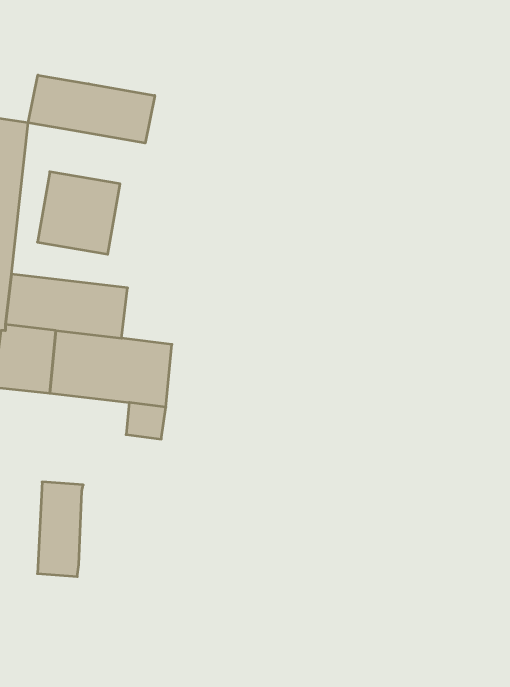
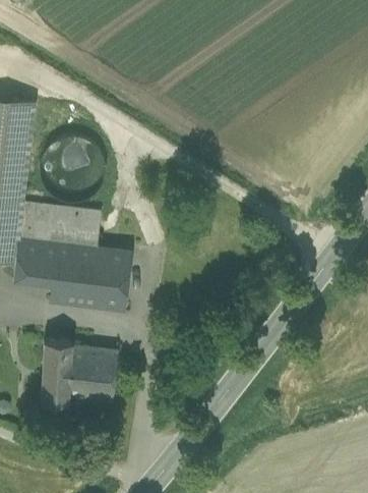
building: [28,75,155,143] -> none
building: none -> [46,281,102,309]
building: none -> [68,346,116,401]

